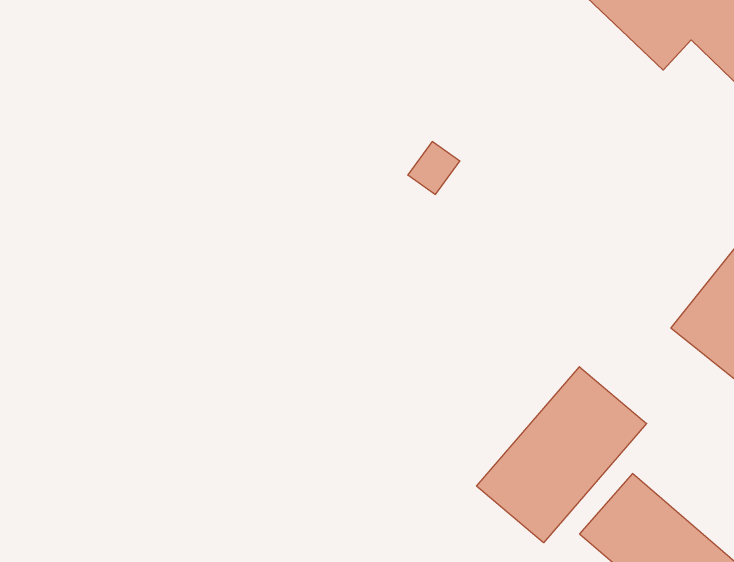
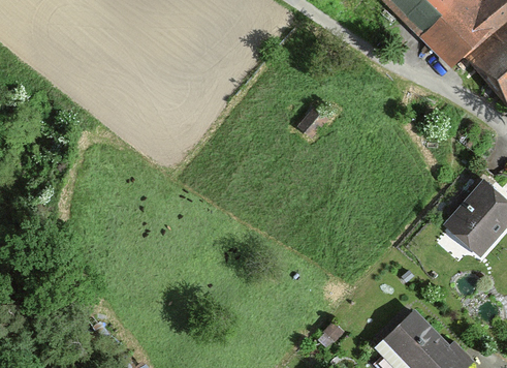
building: [477,367,647,543] -> none

